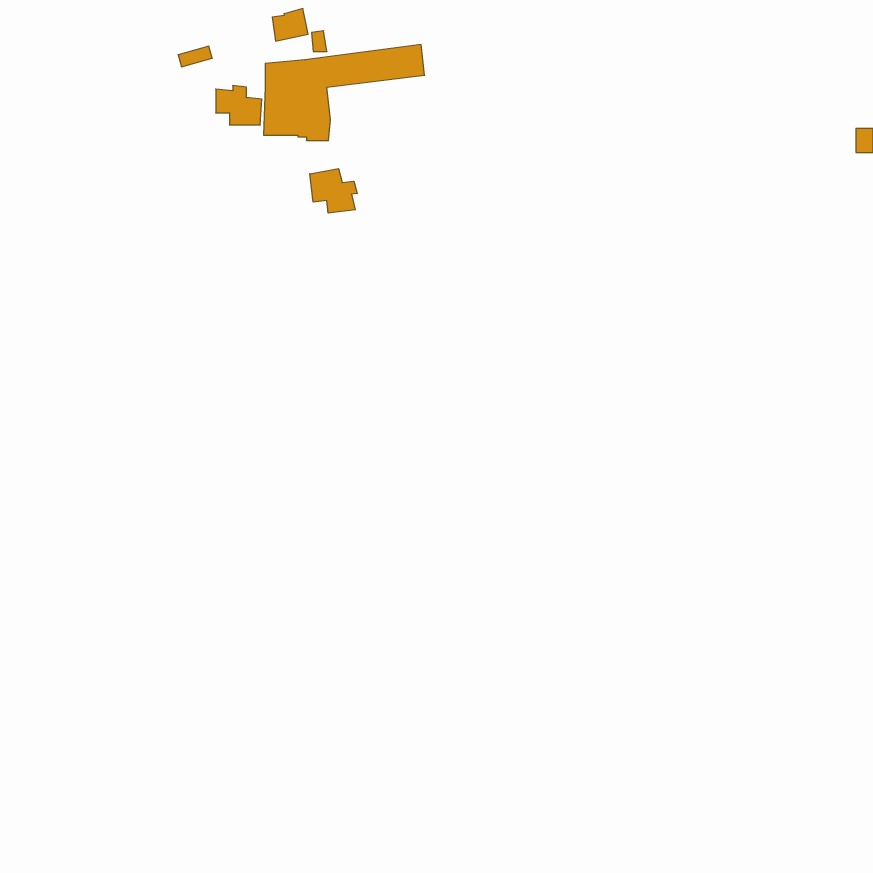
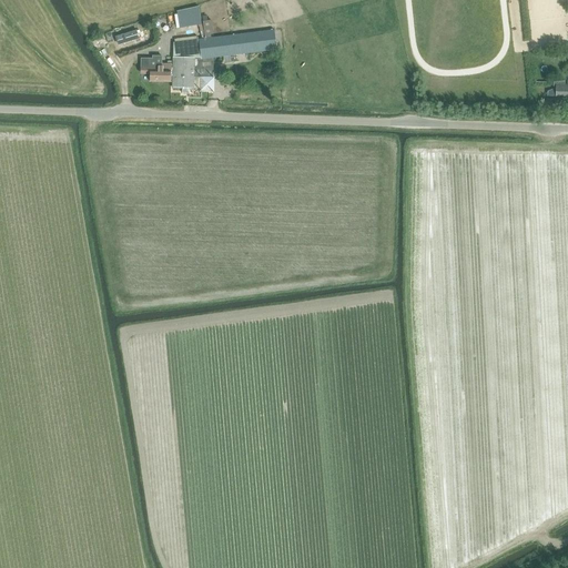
building: [310,169,357,213] -> none

